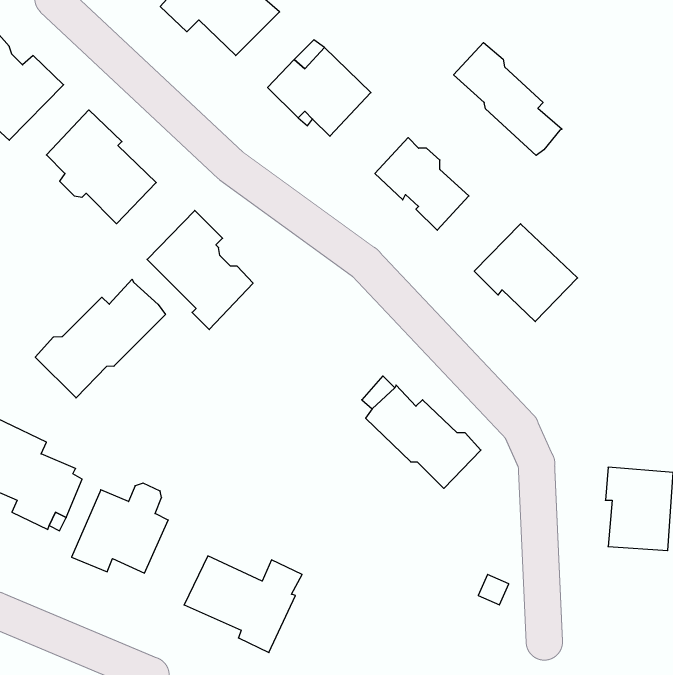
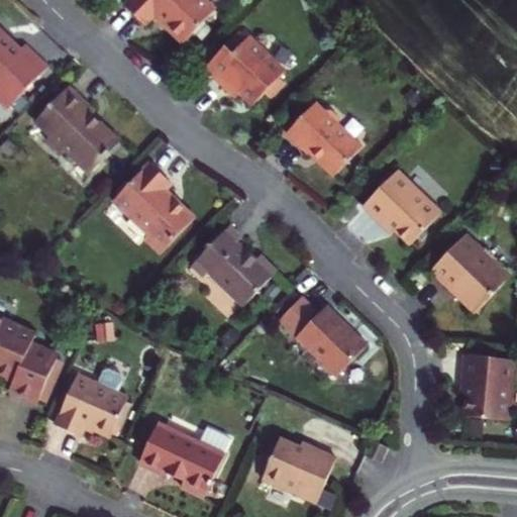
building: [454,43,562,155] -> none
building: [35,279,165,398] -> none
building: none -> [191,224,276,304]
building: none -> [428,234,505,311]
building: none -> [263,437,337,502]

